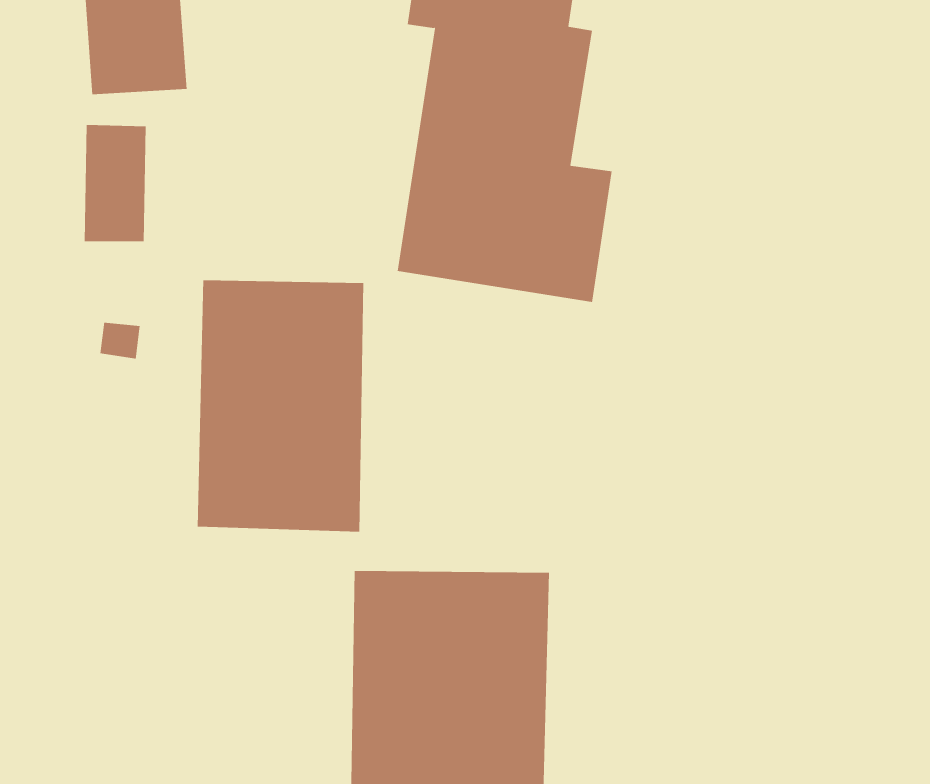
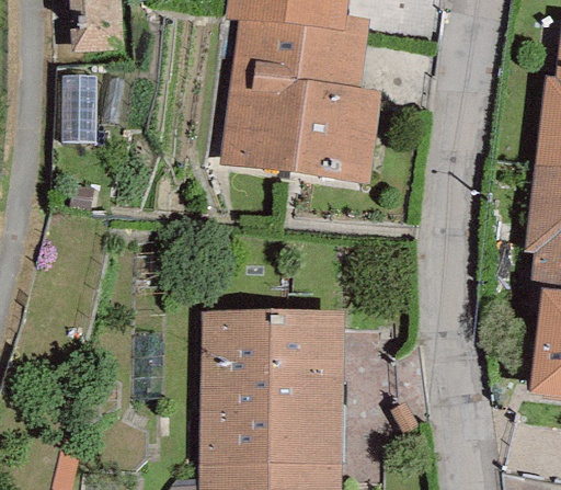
building: [197,279,364,533] -> none

